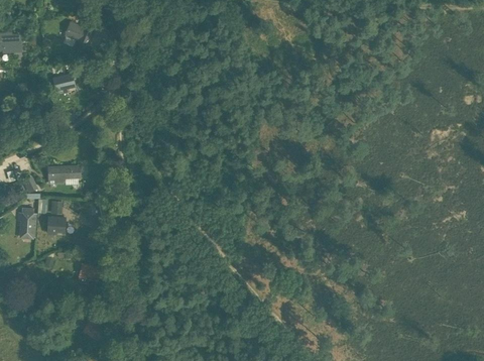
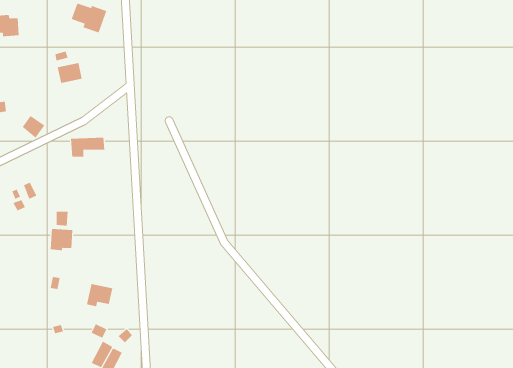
building: [48,166,79,184] -> [70,137,105,157]
building: [17,208,36,236] -> none

